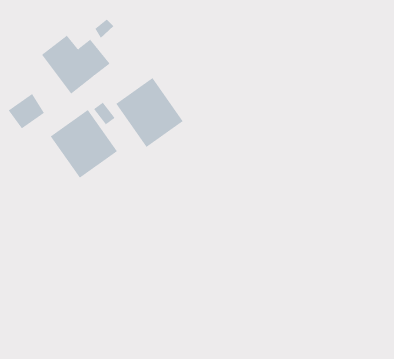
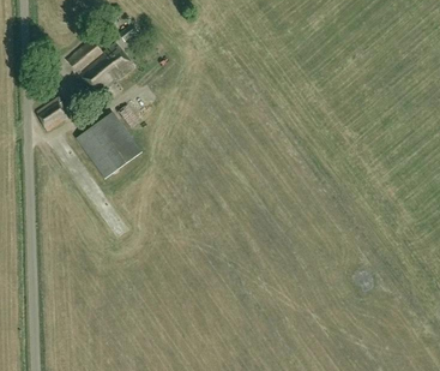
building: [115,77,183,148] -> none

